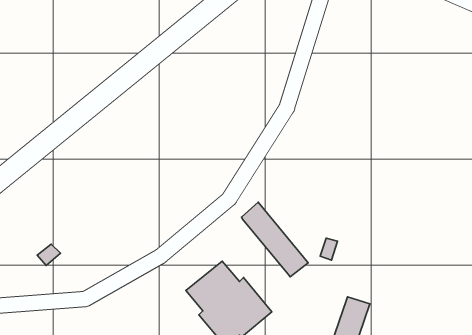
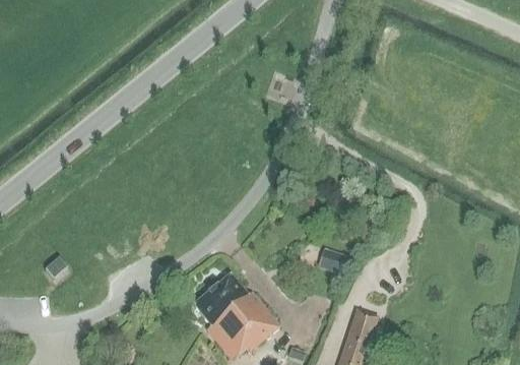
building: [242,202,308,277] -> none

